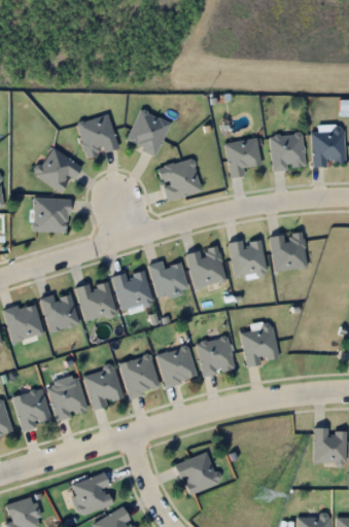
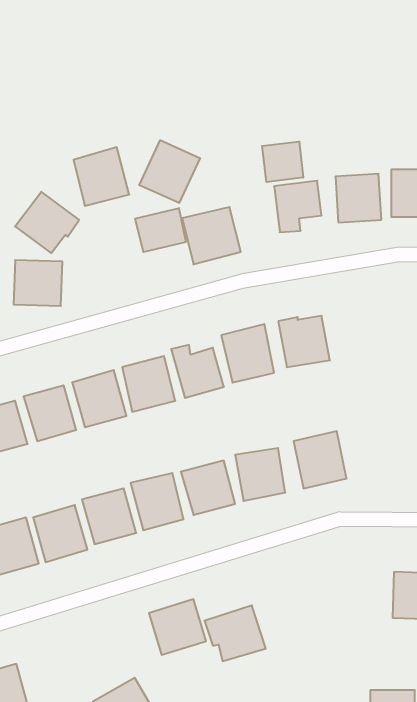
building: none -> [262,141,303,182]
building: none -> [135,208,186,252]
building: [270,232,307,271] -> none
building: [71,473,113,515] -> [149,599,206,655]

